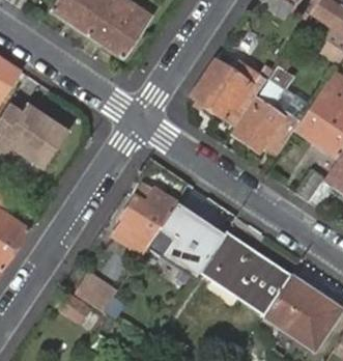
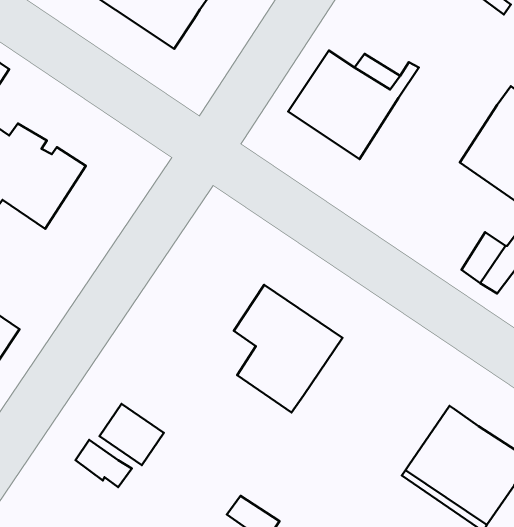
building: [233,66,293,155] -> none
building: [115,188,177,261] -> none
building: [201,232,290,312] -> none

